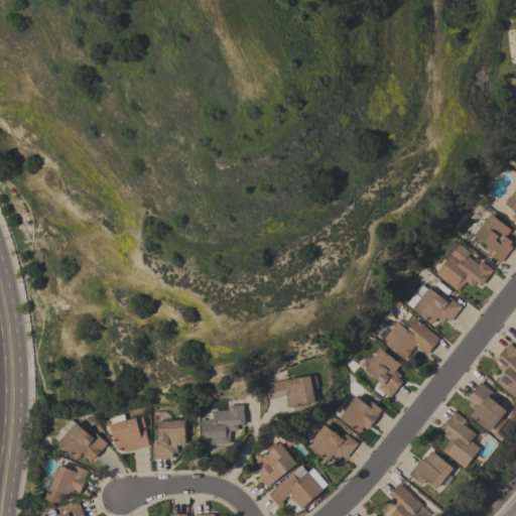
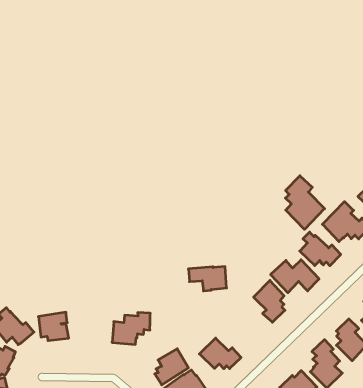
building: none -> [285,176,325,229]
building: [267,375,315,407] -> [188,267,227,291]
building: [340,396,381,432] -> none
building: [152,419,185,459] -> none

